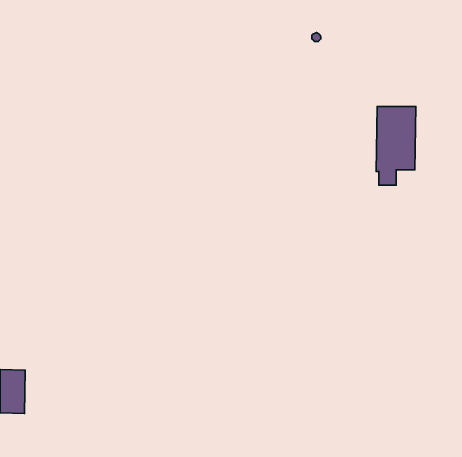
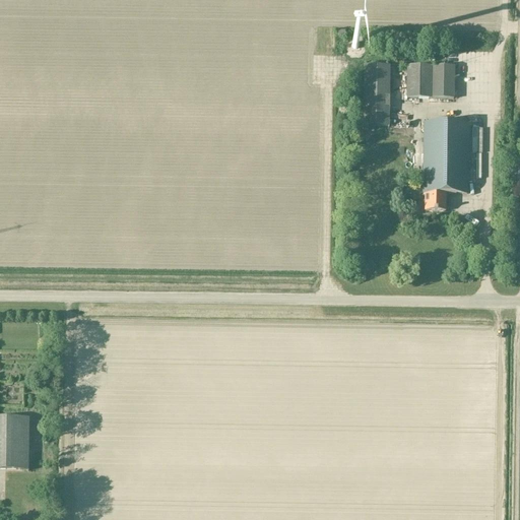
building: none -> [363,62,389,123]
building: none -> [406,62,454,95]

